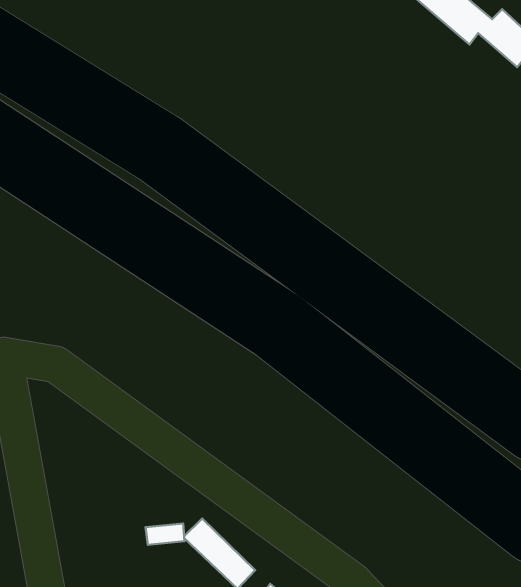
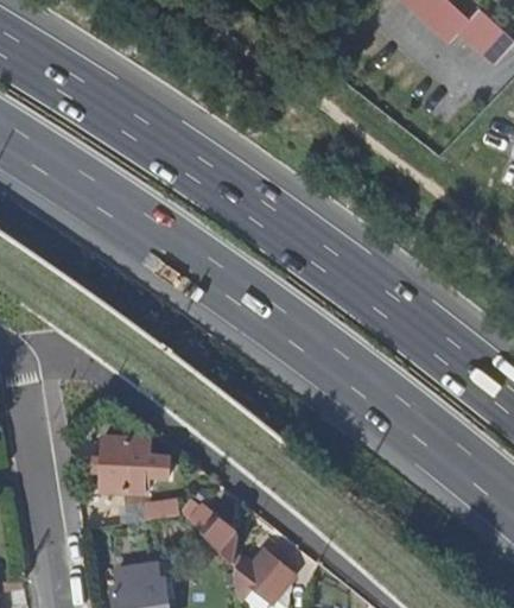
building: none -> [102,436,165,489]

